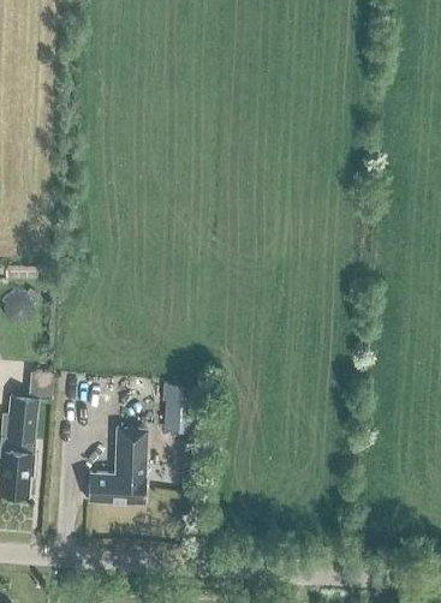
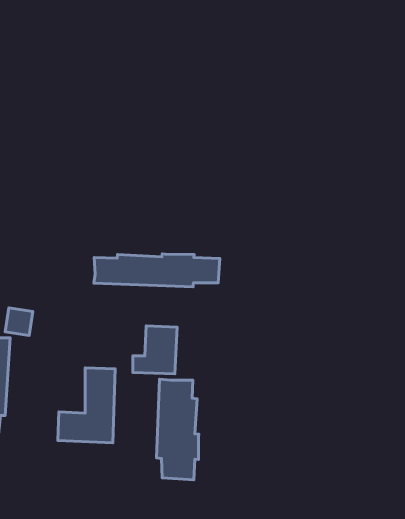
building: none -> [94,254,220,287]
building: none -> [156,379,199,480]

